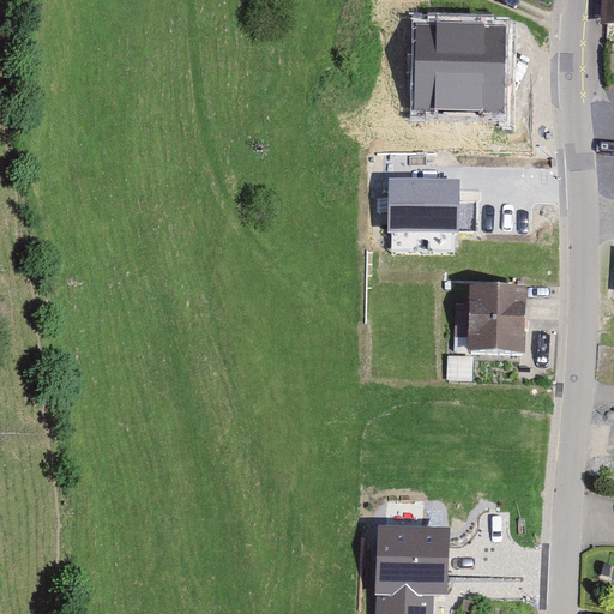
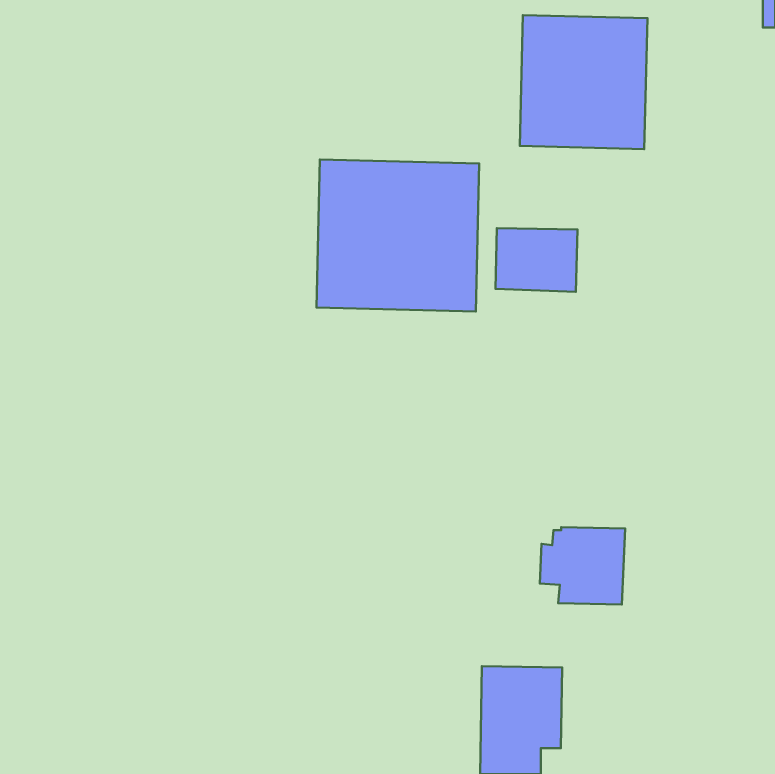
building: none -> [316,159,479,312]
building: [451,293,518,354] -> [540,527,625,605]

